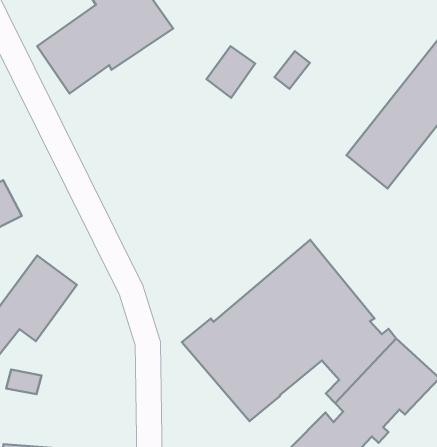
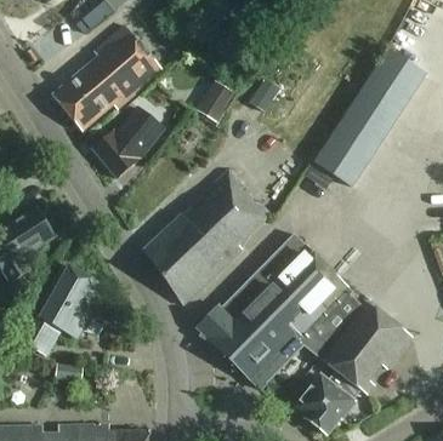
building: none -> [93,110,161,178]
building: none -> [144,171,269,304]

